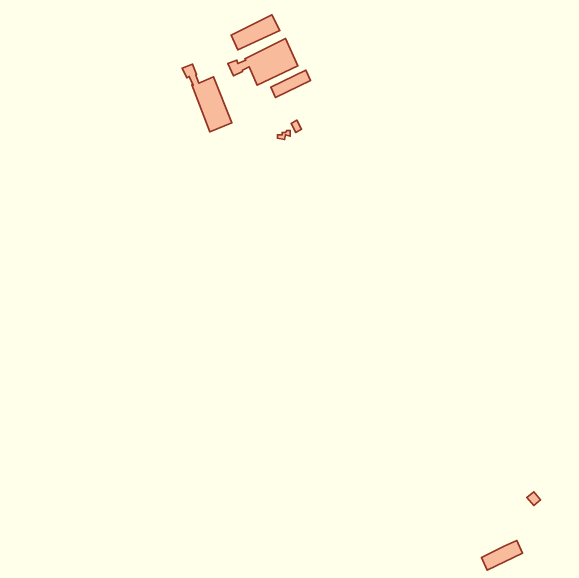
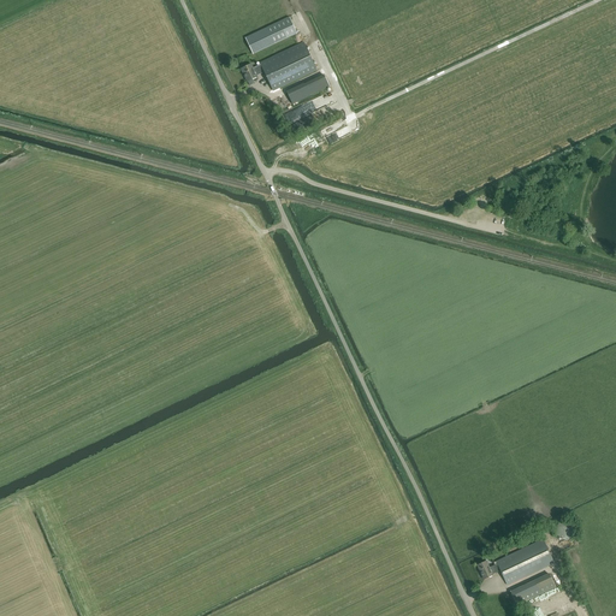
building: [182,64,232,132] -> none
building: none -> [478,539,553,584]

